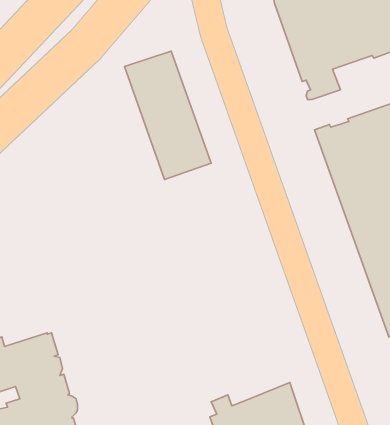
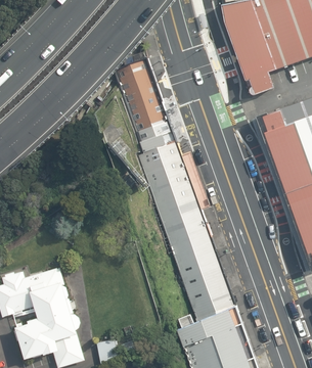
building: none -> [138,141,236,319]

